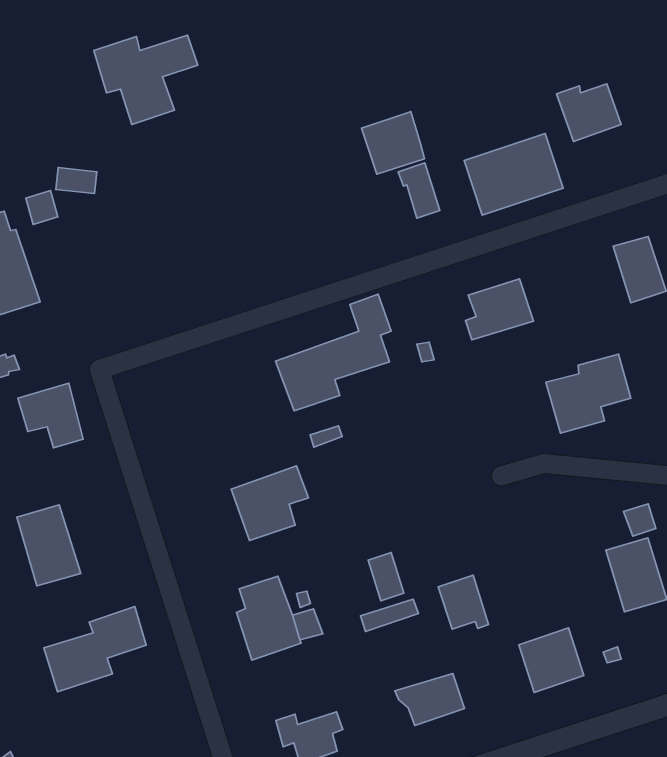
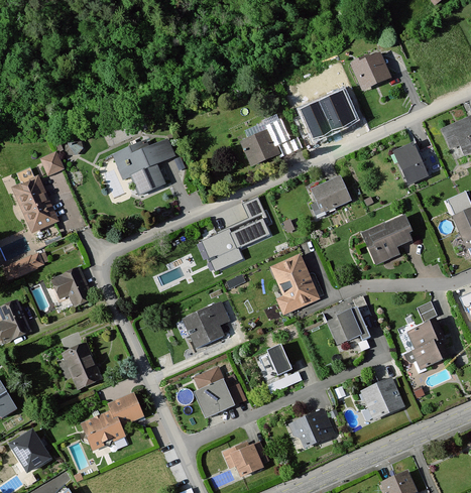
building: [94,35,198,124] -> [113,139,175,196]
building: [361,111,425,174] -> [239,127,278,166]
building: none -> [272,257,318,314]
building: [438,575,488,629] -> [337,309,369,342]

